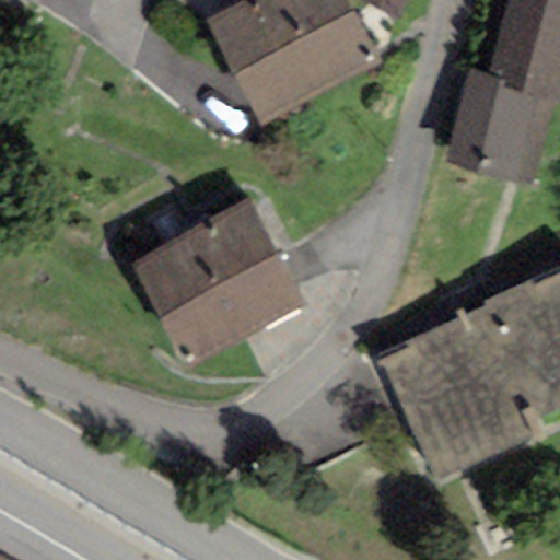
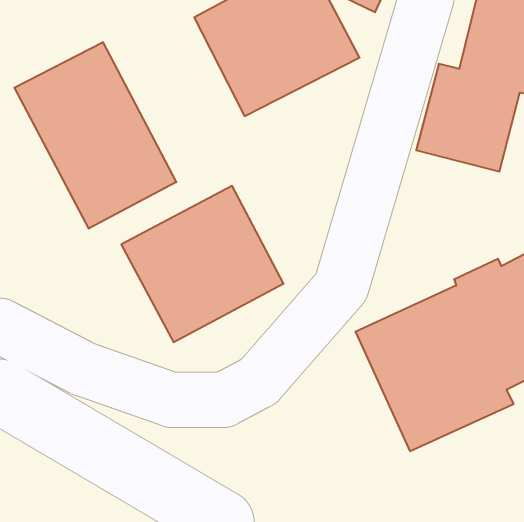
building: none -> [14,42,176,229]

